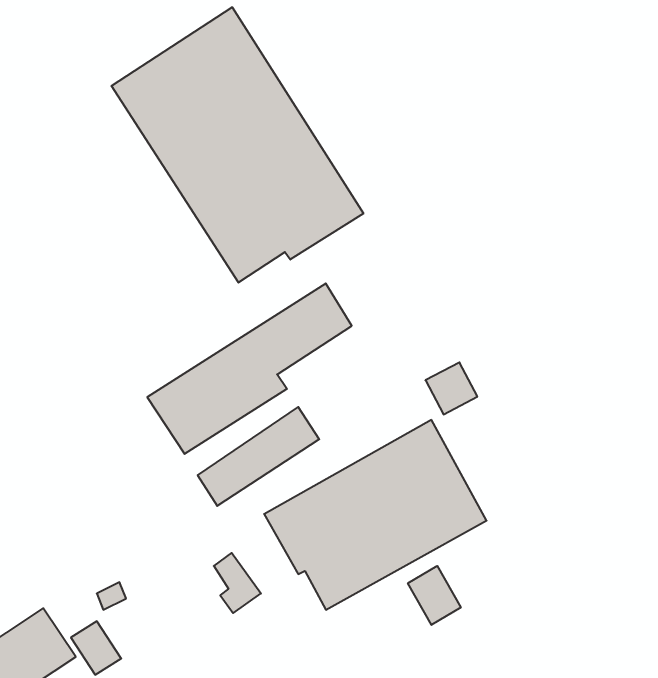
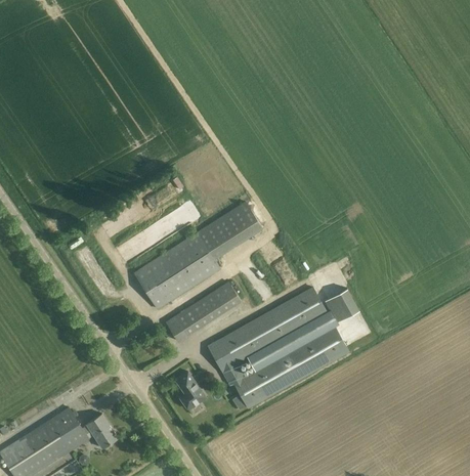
building: [112,7,363,283] -> none
building: [425,362,477,414] -> [325,290,357,322]
building: [408,566,461,625] -> none

